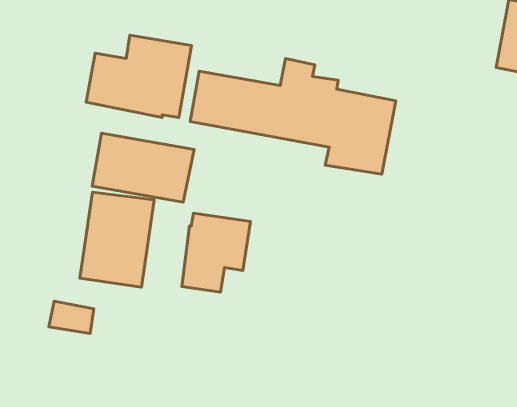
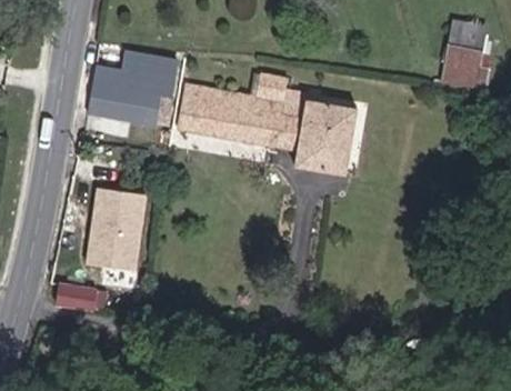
building: [92,133,194,202] -> none
building: [182,213,250,292] -> none

